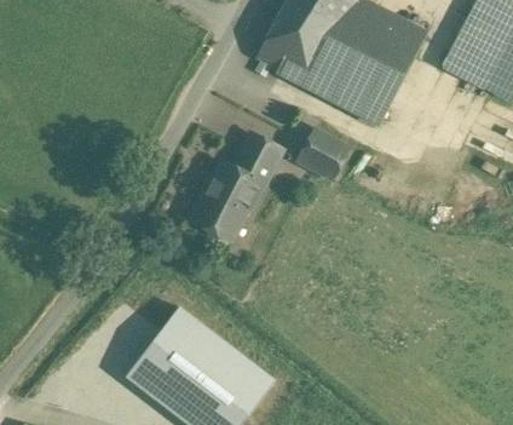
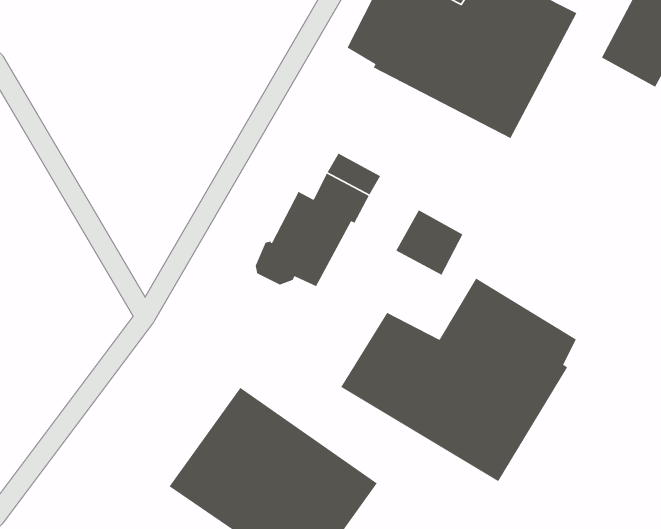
building: [299,131,348,179] -> [395,209,463,276]
building: none -> [340,278,577,482]

